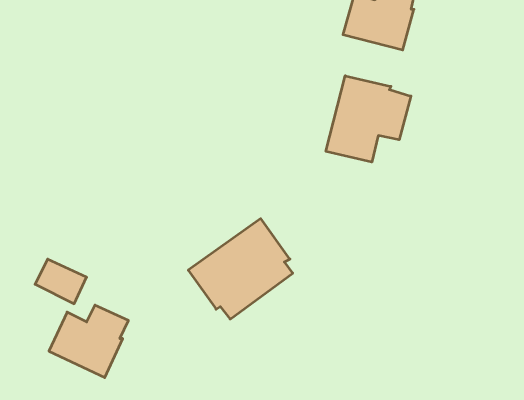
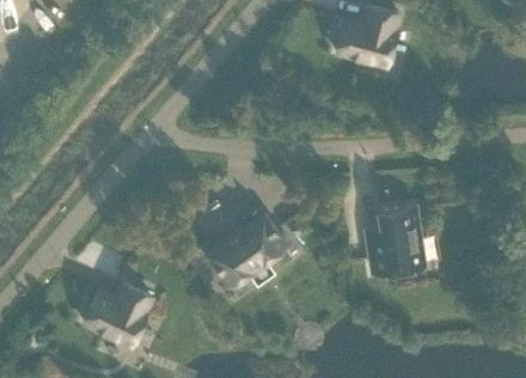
building: [326,76,411,162] -> none
building: none -> [367,205,423,272]

